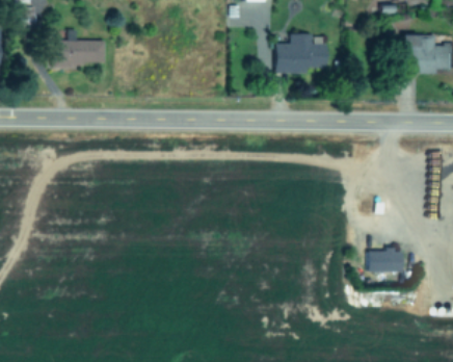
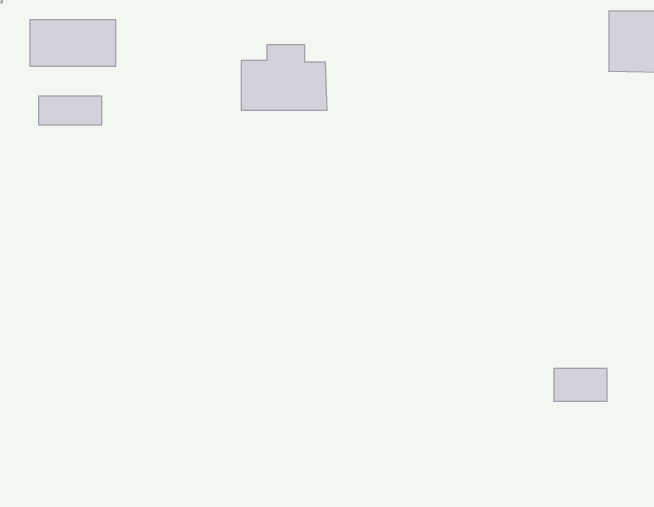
building: [275,33,327,73] -> [241,45,327,110]
building: none -> [39,96,101,125]

